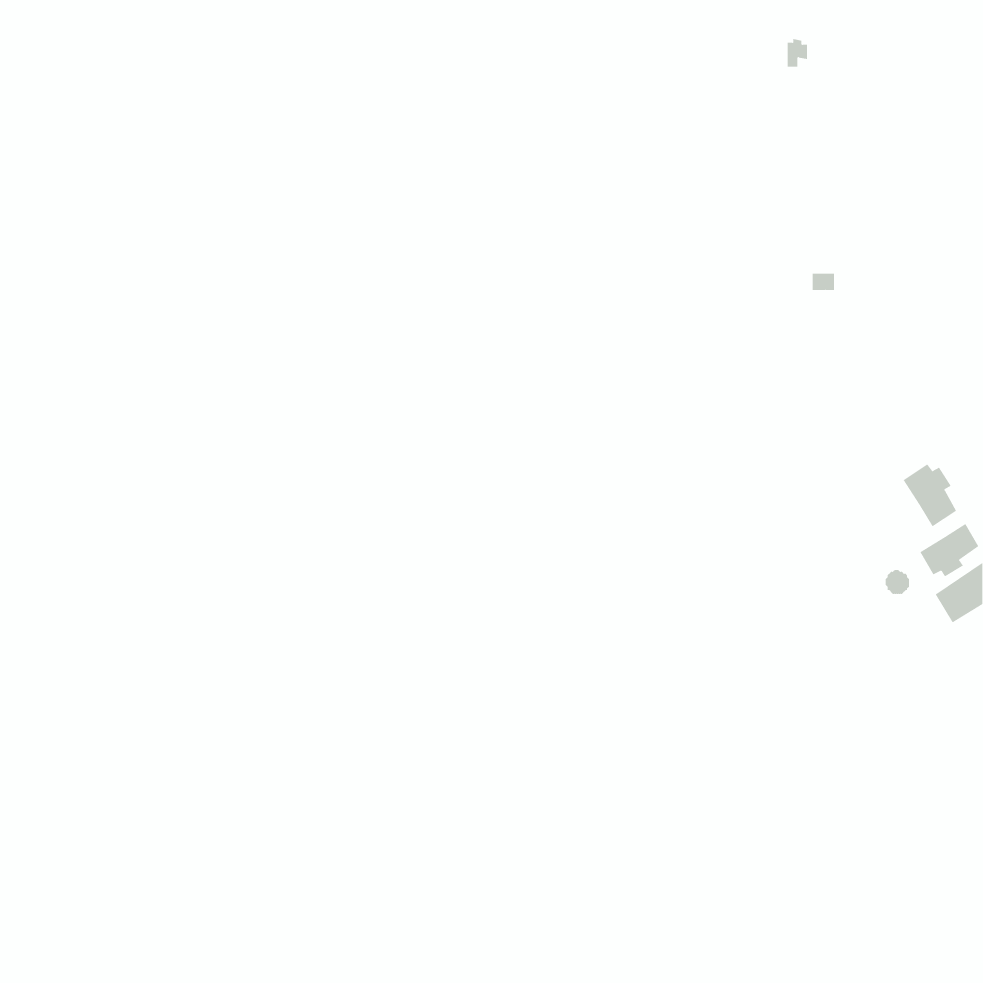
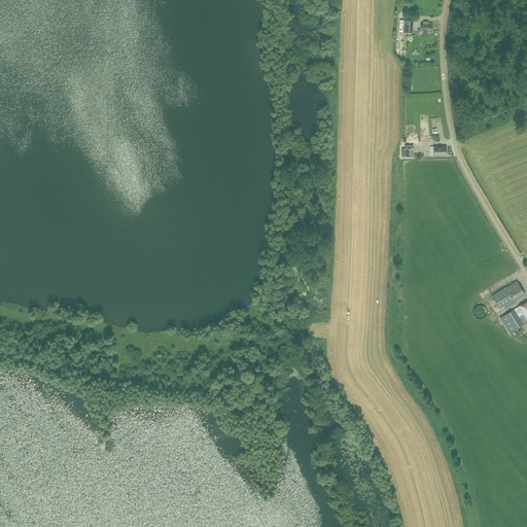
building: [903,464,957,527] -> none

